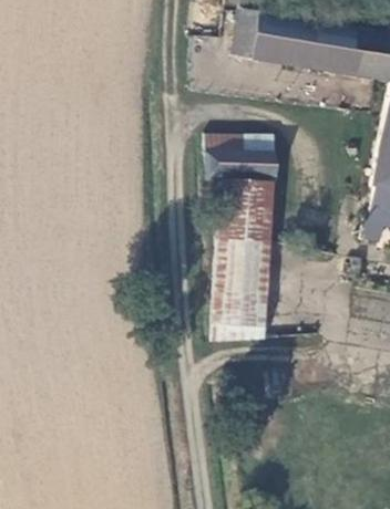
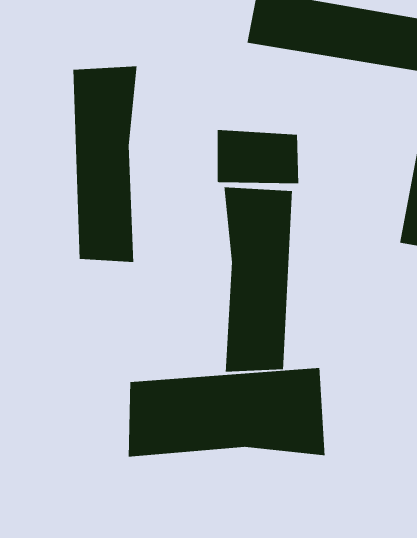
building: none -> [72,66,137,263]
building: none -> [128,367,325,458]

